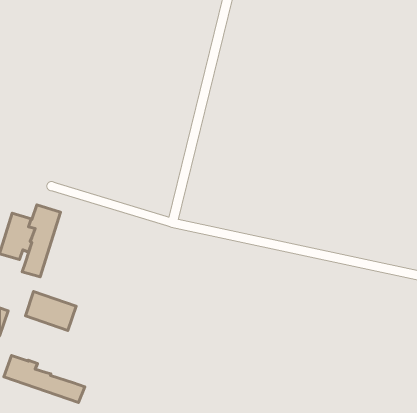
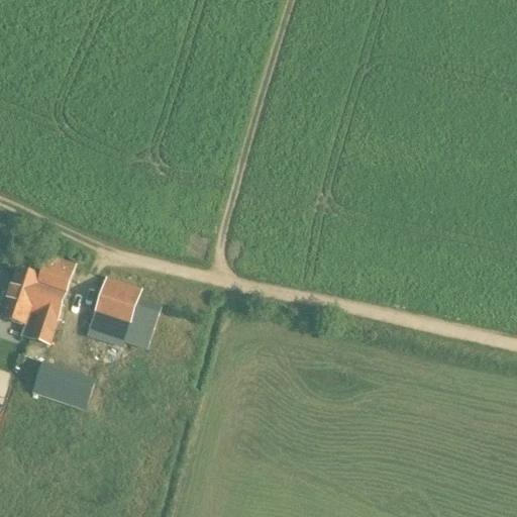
building: none -> [86,275,160,347]
building: [4,356,85,402] -> none

